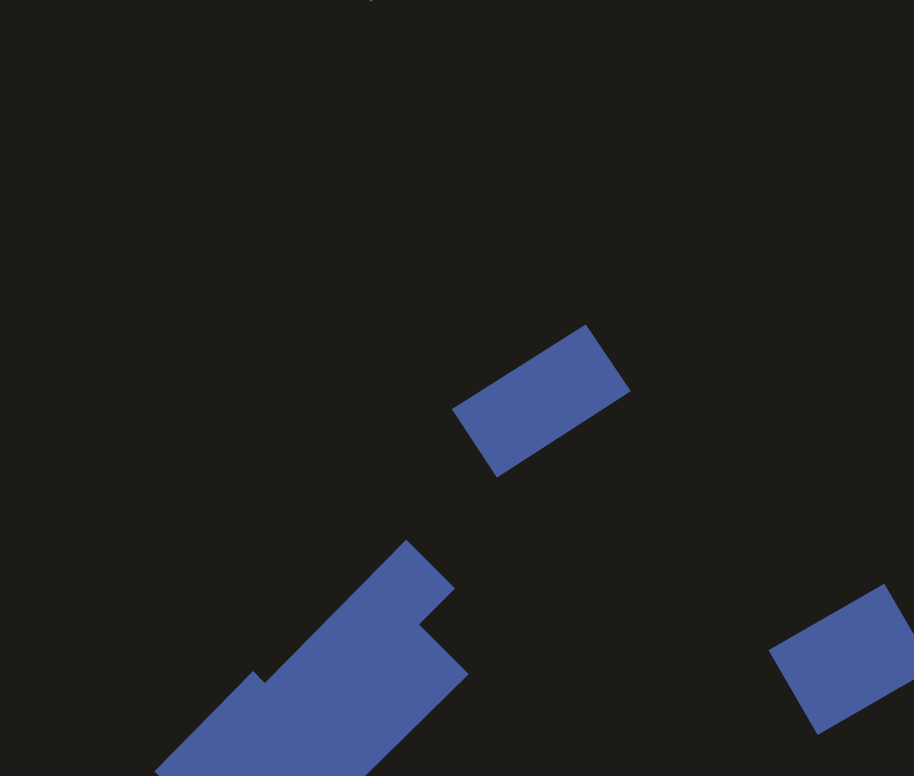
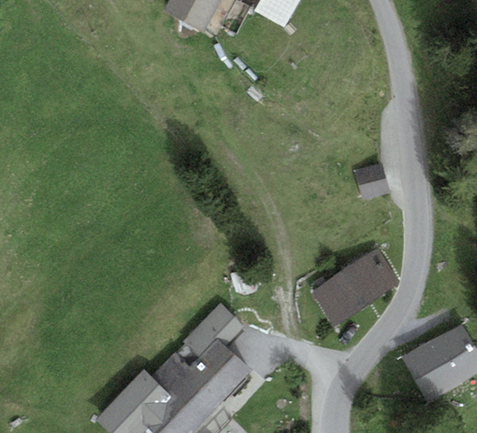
building: none -> [352,163,389,201]
building: [451,324,632,479] -> [309,249,400,327]

